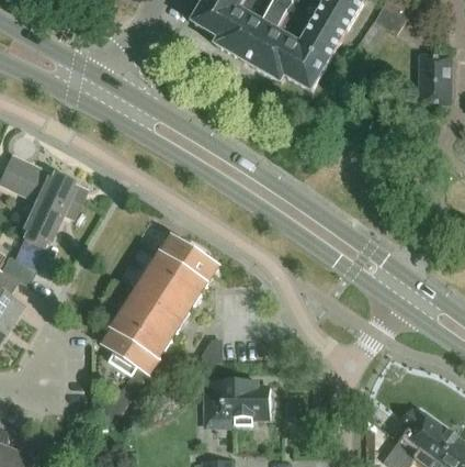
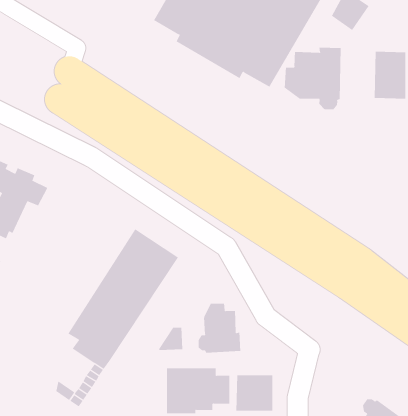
building: none -> [284,47,341,110]
building: none -> [198,303,241,353]
building: none -> [236,374,273,412]

